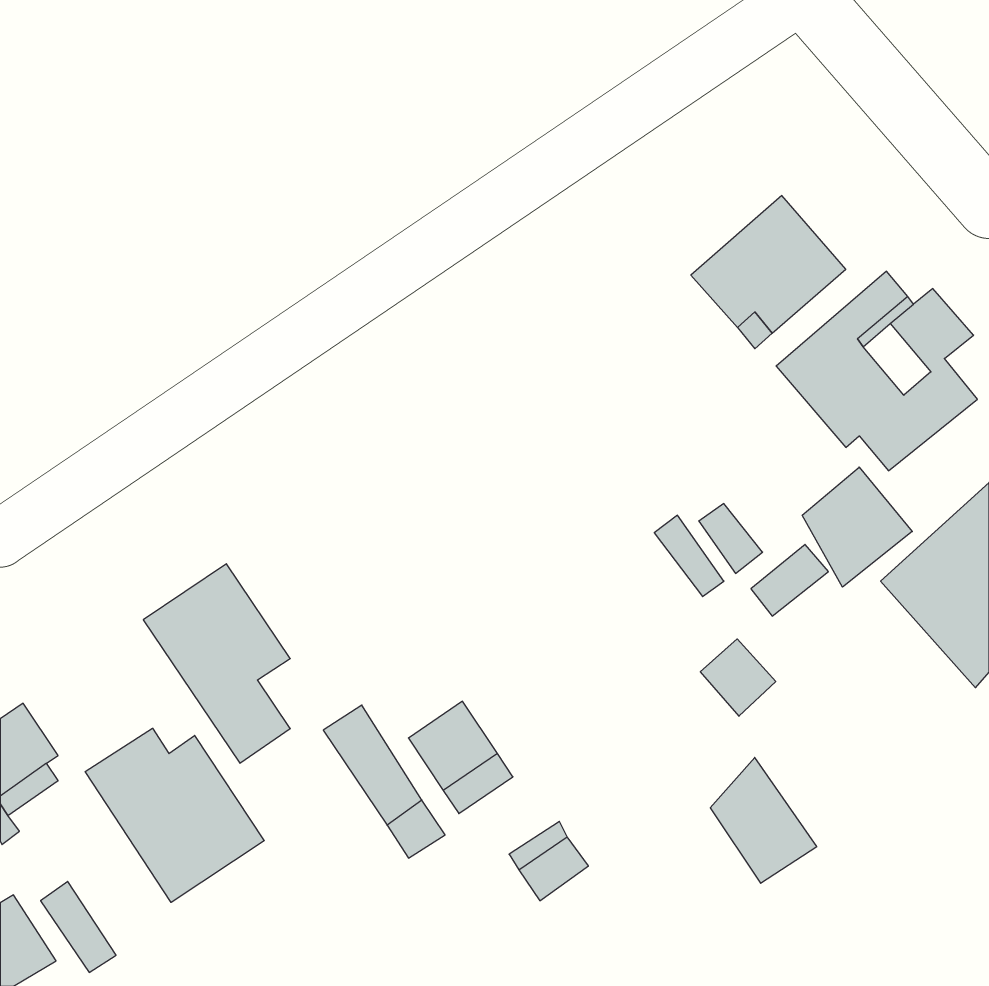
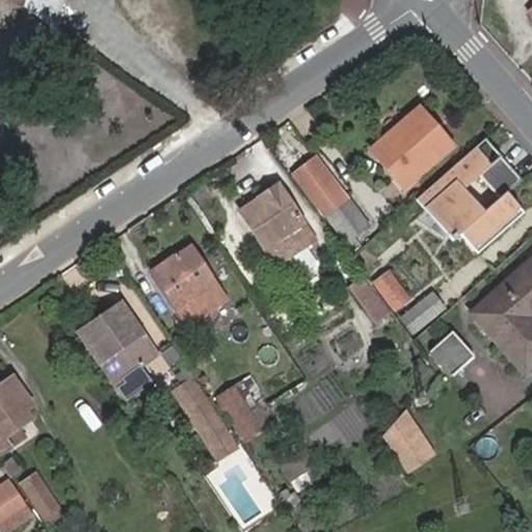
building: none -> [295,156,368,244]
building: none -> [240,183,319,273]
building: none -> [152,245,222,318]
building: [802,467,912,587] -> none
building: [700,639,776,716] -> [432,330,473,372]
building: [85,728,264,902] -> none

